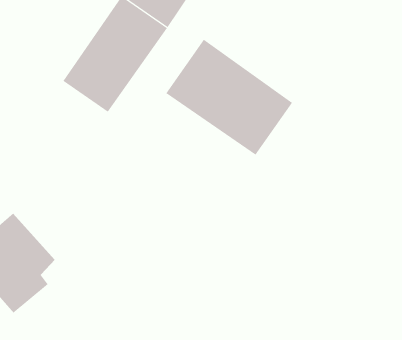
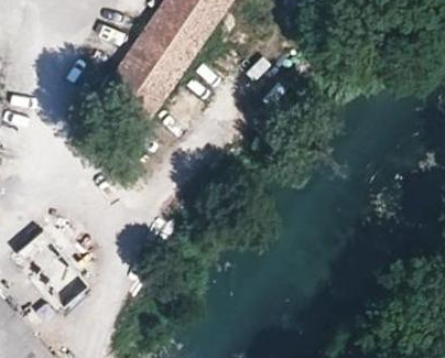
building: [165,39,293,155] -> none

